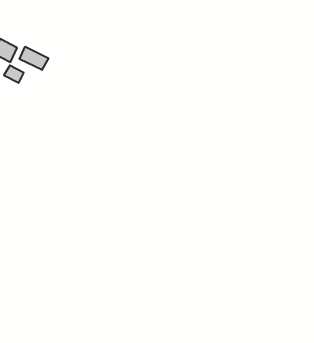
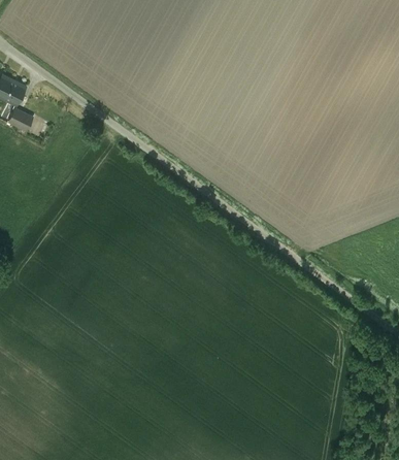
building: [20,47,48,70] -> none

